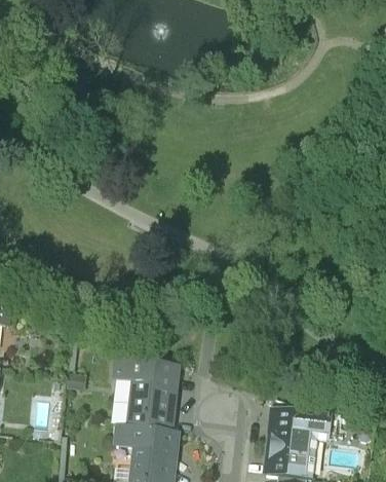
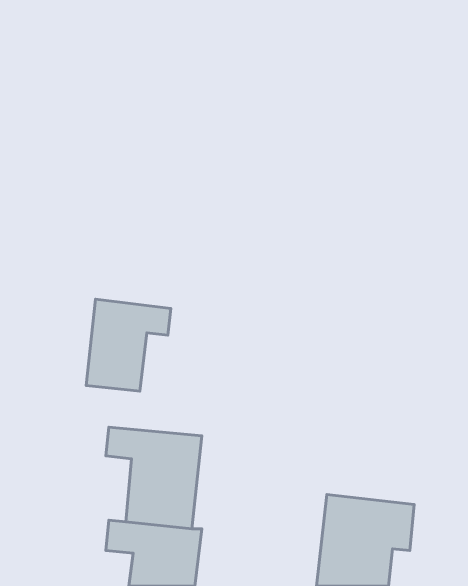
building: none -> [86,299,171,391]

